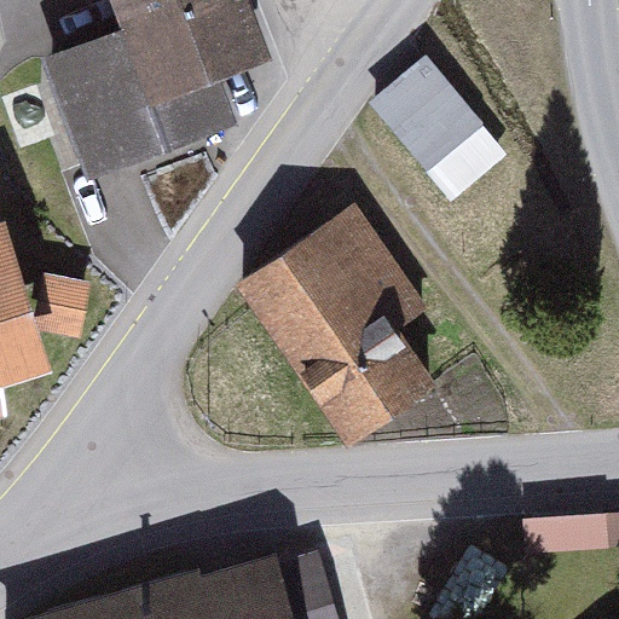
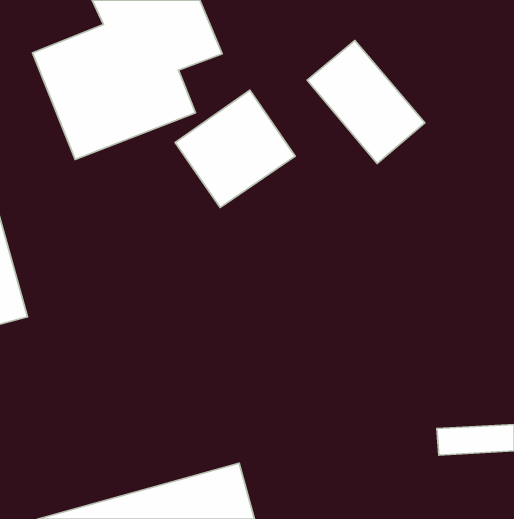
building: none -> [175,90,295,207]
building: [238,210,442,455] -> none

